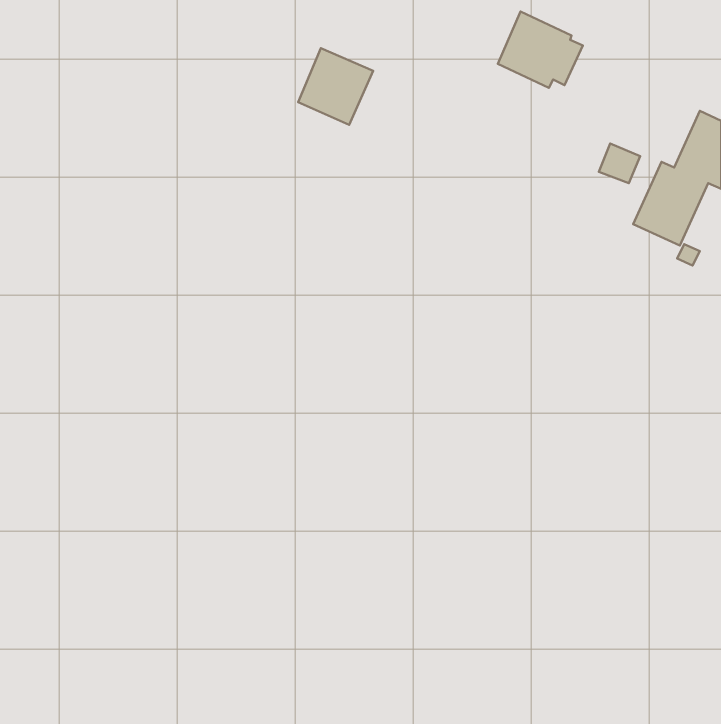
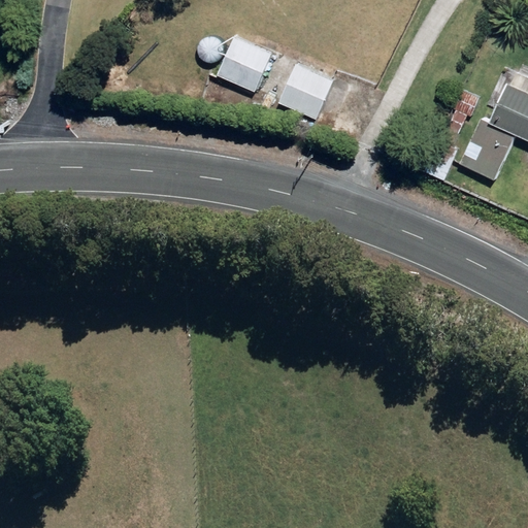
building: [498,11,583,88] -> [278,64,340,120]

